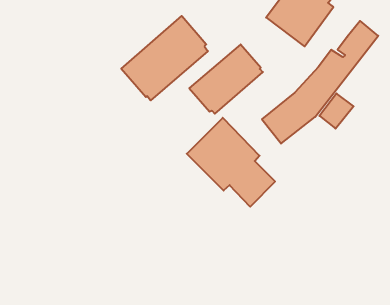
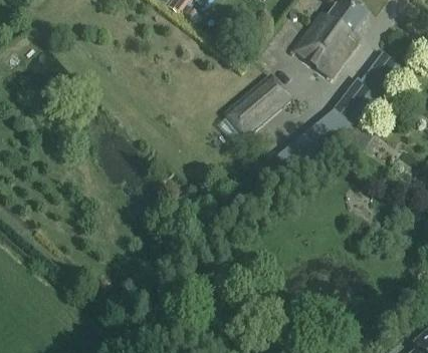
building: [121,16,208,100] -> none
building: [187,118,275,207] -> none

